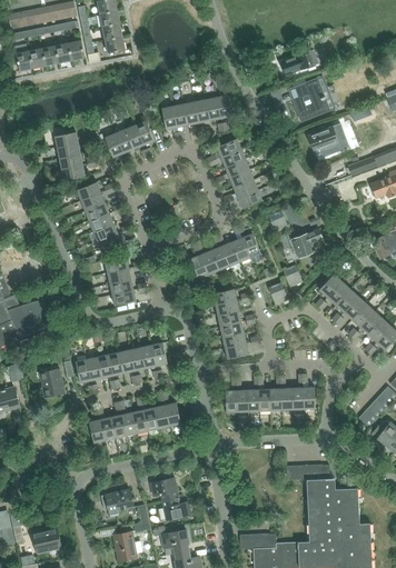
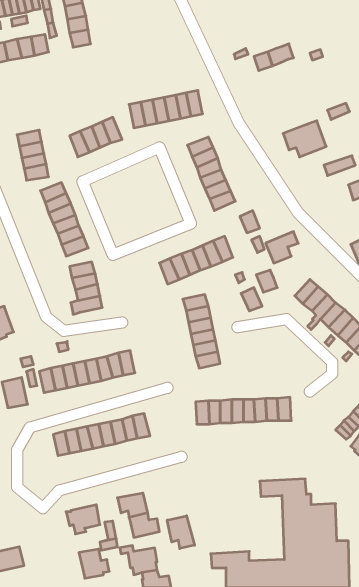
building: [289,79,331,120] -> none
building: none -> [167,516,195,549]

